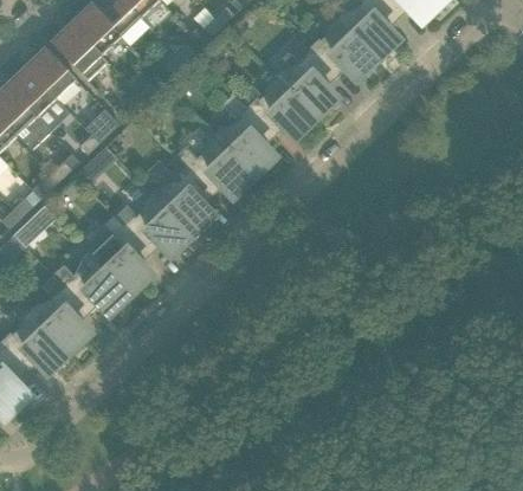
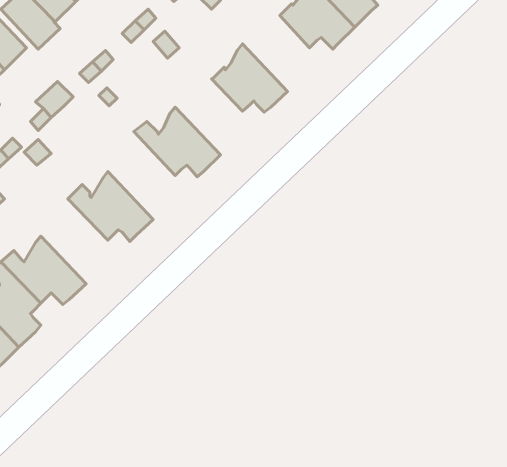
building: [275,39,337,117] -> none
building: [213,105,276,175] -> none
building: [151,154,214,234] -> none
building: [90,213,151,293] -> none

